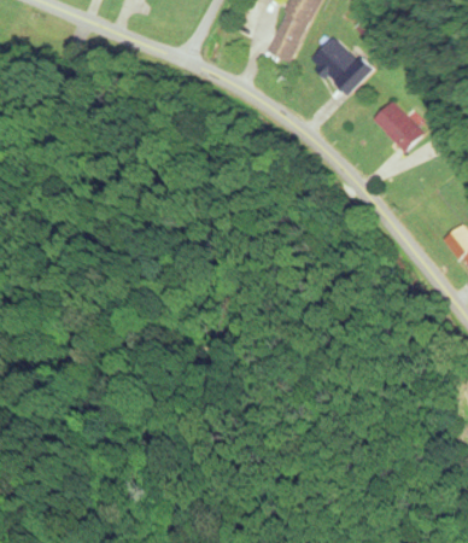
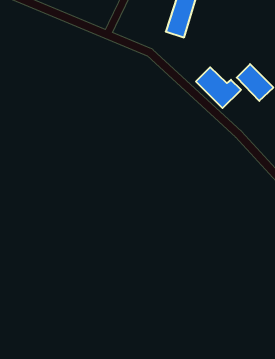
building: [310,36,375,95] -> [196,67,241,108]

